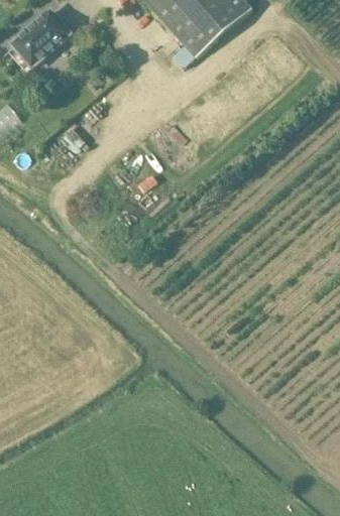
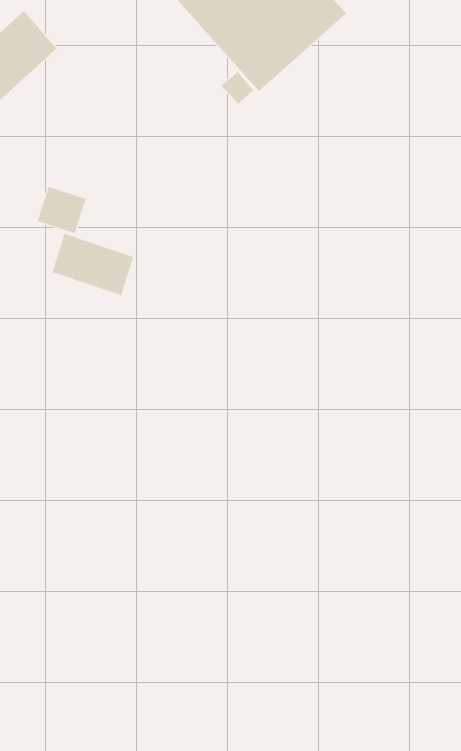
building: none -> [52,233,134,296]

